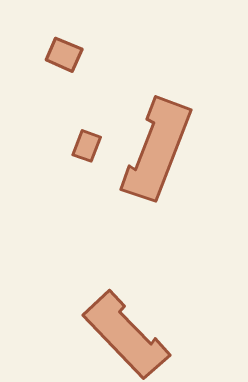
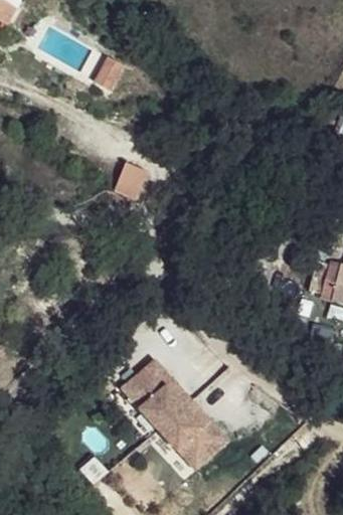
building: [121,96,191,201] -> none

